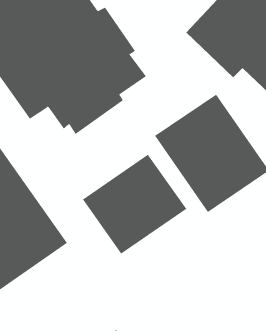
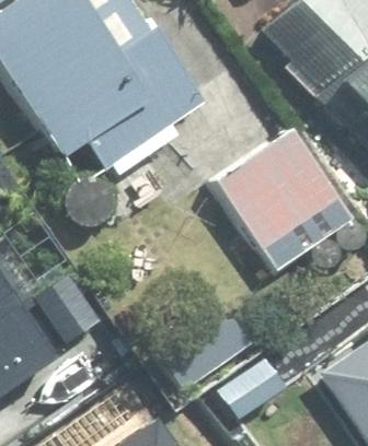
building: [82,154,187,255] -> none

